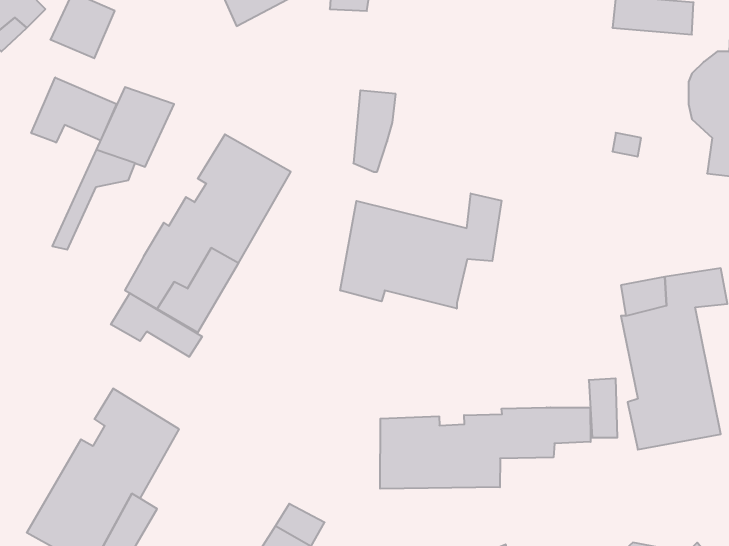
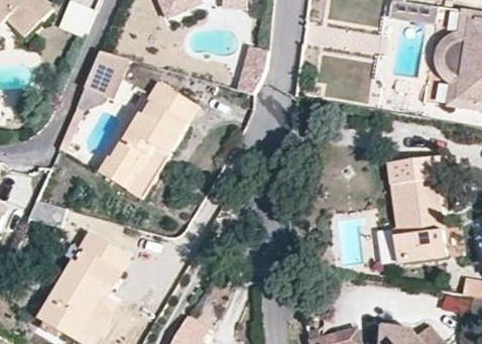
building: [31,77,117,143] -> none
building: [340,193,502,309] -> none
building: [111,293,202,357] -> none
building: [380,407,591,489] -> none

